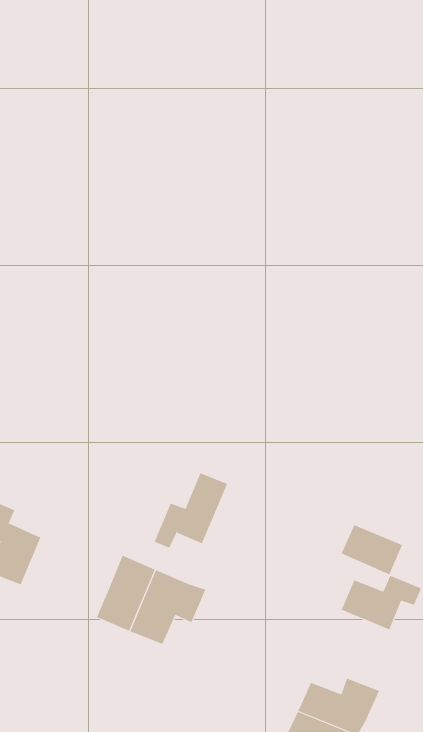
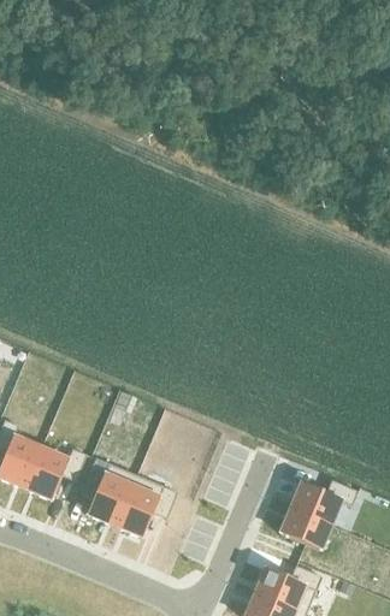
building: [154,473,228,548] -> none
building: [341,525,403,575] -> [279,508,331,550]
building: none -> [24,448,87,499]

